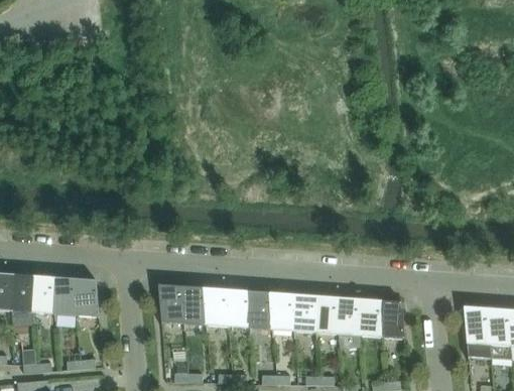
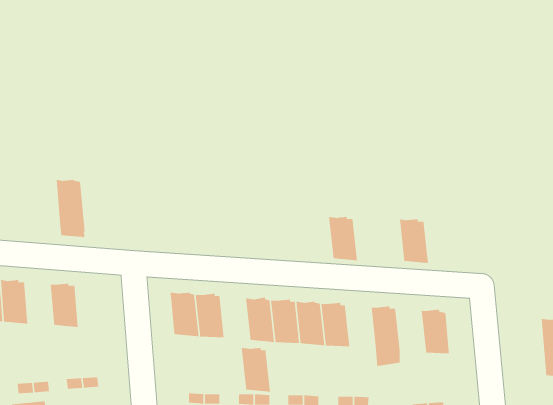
building: [30,275,55,313] -> none
building: [75,278,101,330] -> [56,179,86,238]
building: [203,287,229,327] -> [241,348,271,392]
building: [313,295,340,335] -> [328,216,358,261]
building: [358,298,384,338] -> [399,219,429,263]
building: [464,305,490,358] -> none

